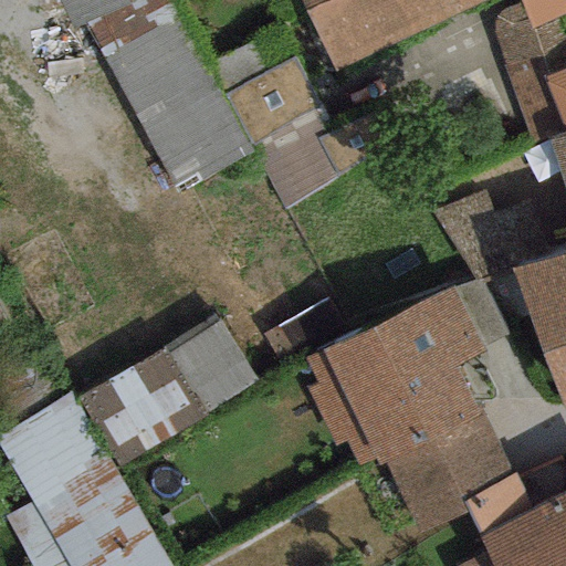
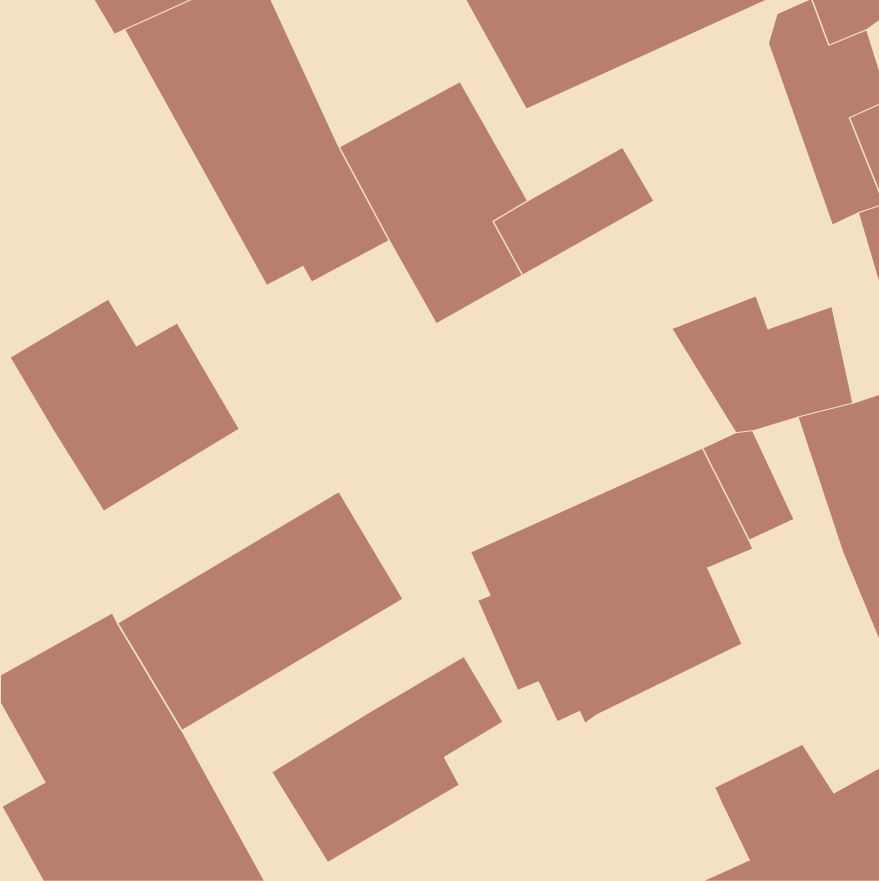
building: none -> [10,299,239,512]
building: [385,408,516,533] -> none
building: none -> [271,656,503,863]

